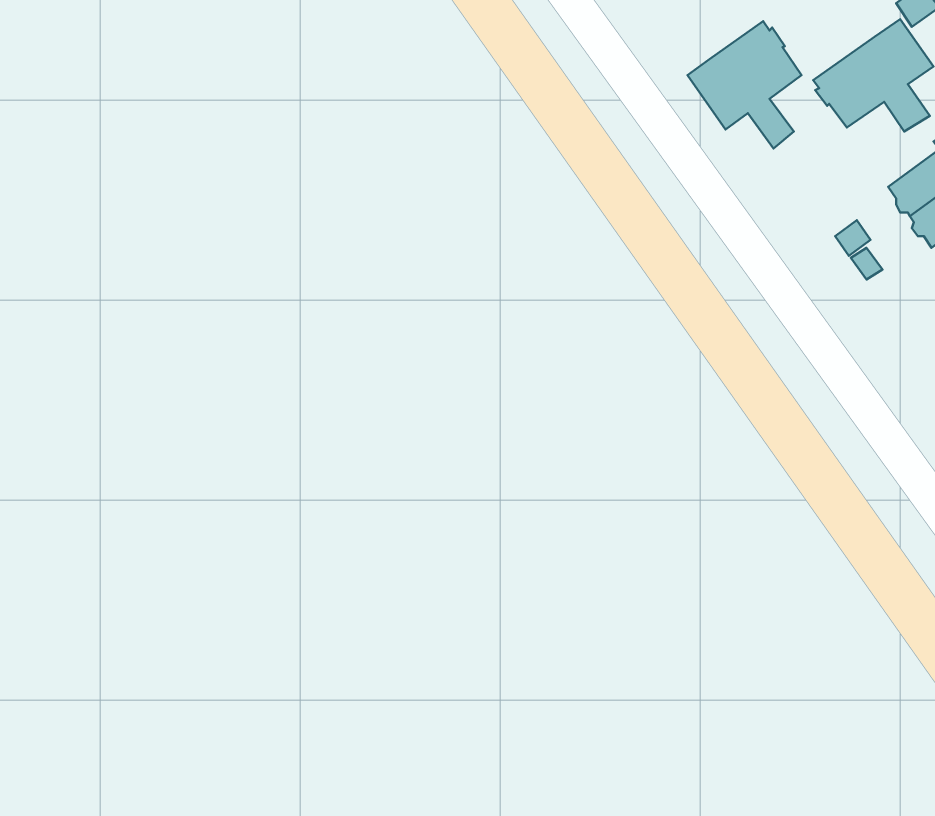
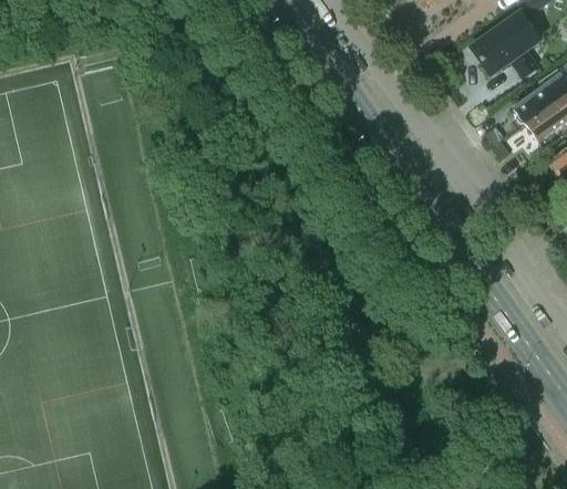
building: [687,21,802,149] -> none

